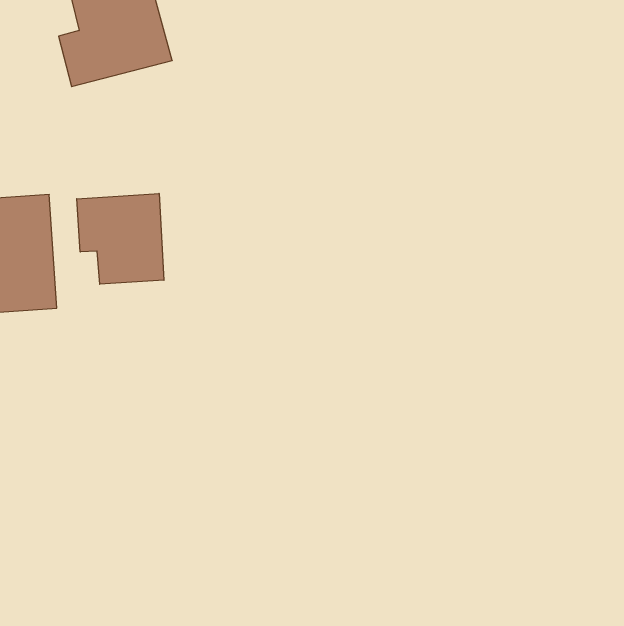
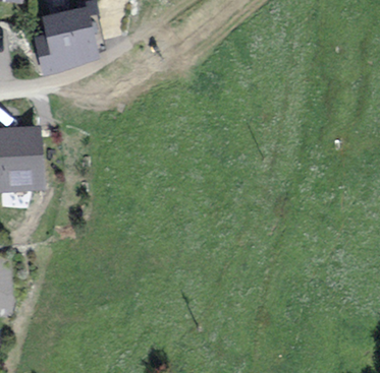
building: [77,193,164,284] -> none

